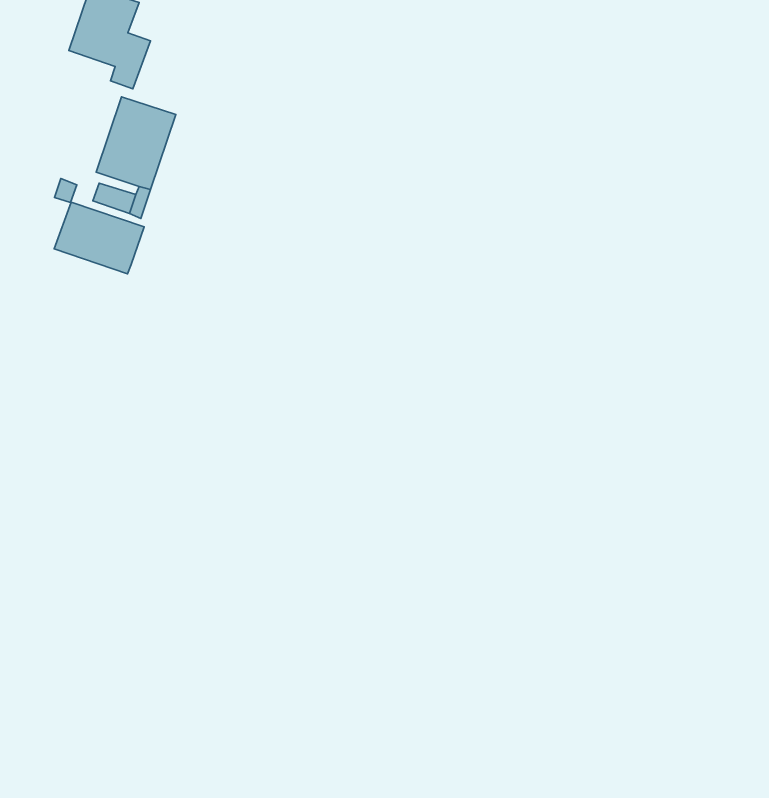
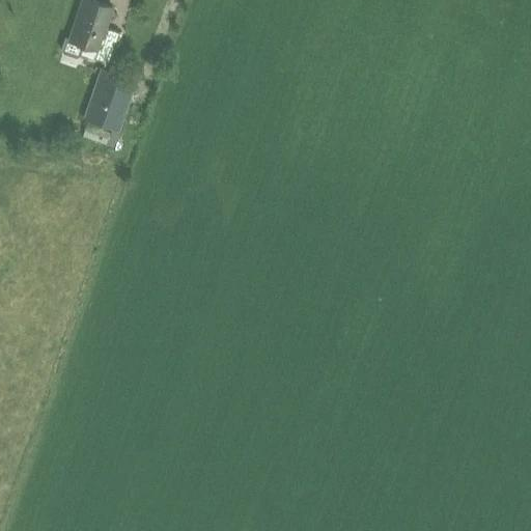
building: [54,202,144,274] -> none

